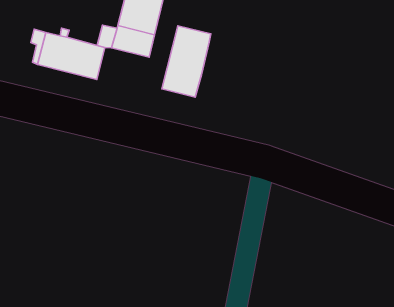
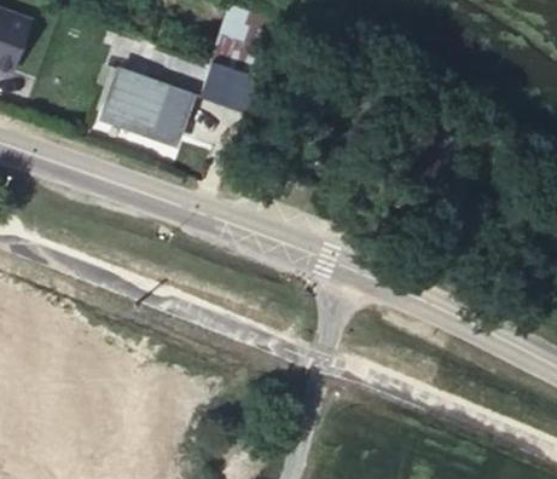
building: [162,26,211,97] -> none

